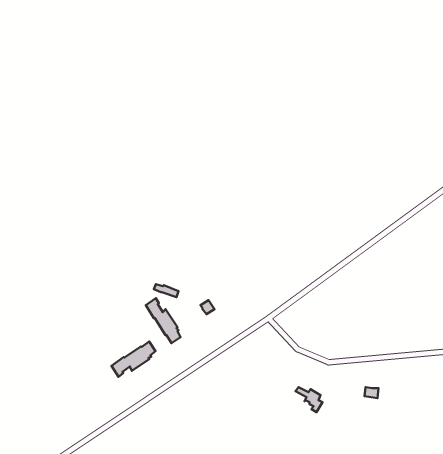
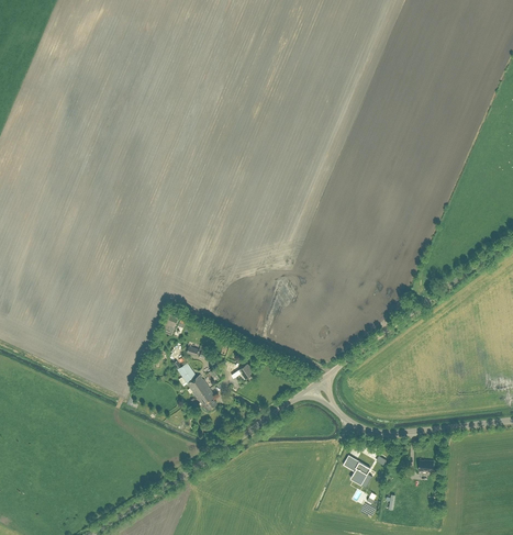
building: [112,342,155,377] -> none

